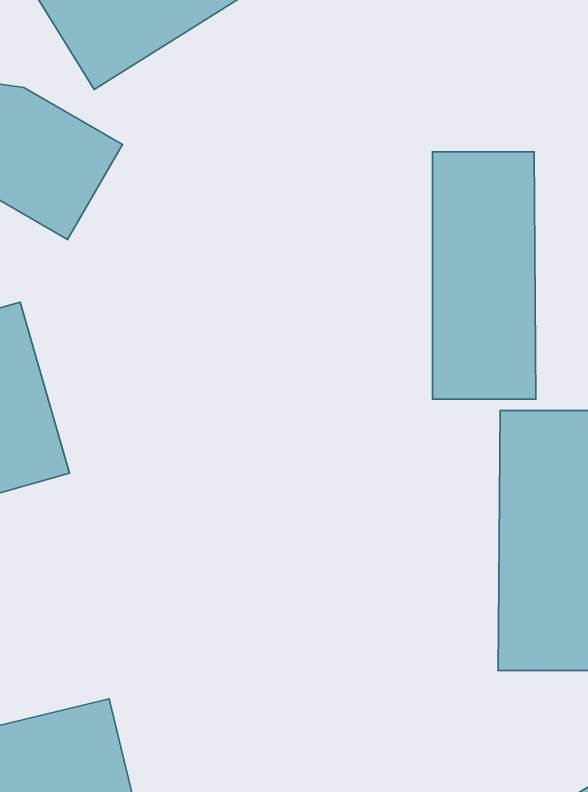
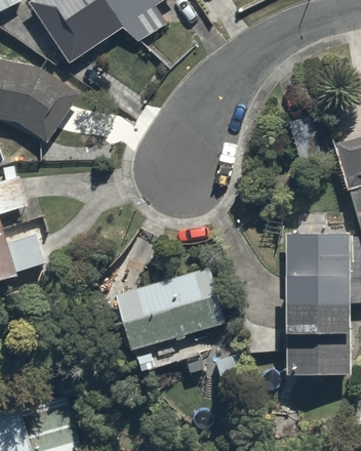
building: [432,152,536,399] -> none
building: none -> [116,264,227,369]

